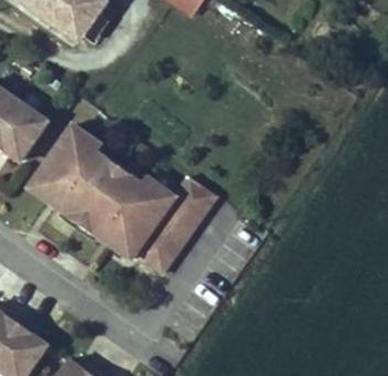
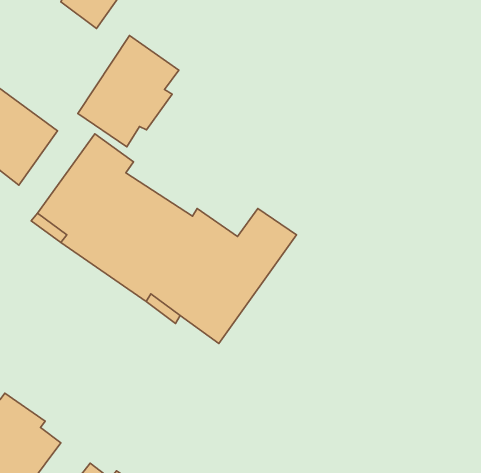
building: none -> [78,35,179,147]

